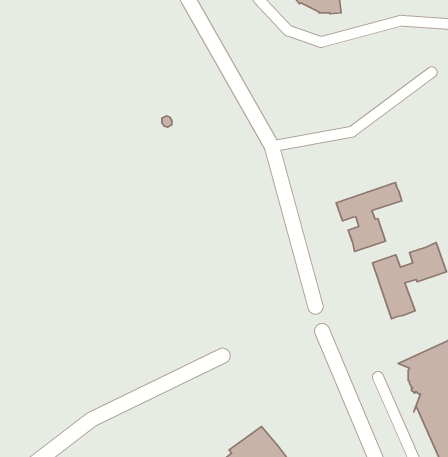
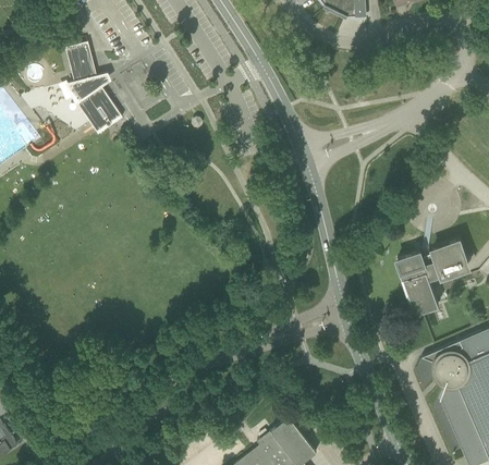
building: none -> [65,41,122,134]
building: [336,183,402,252] -> none

